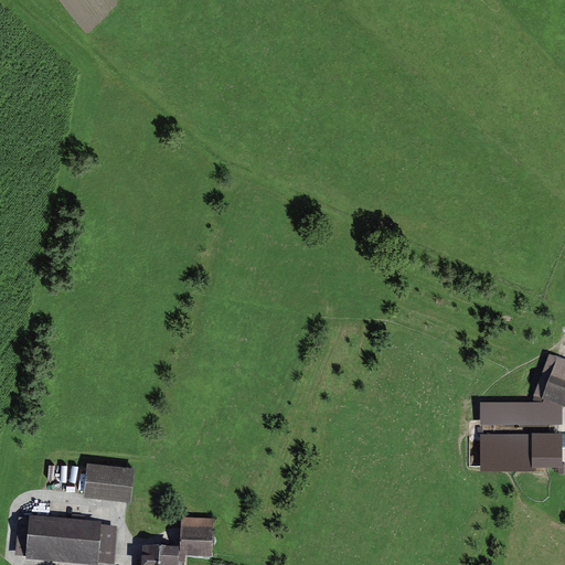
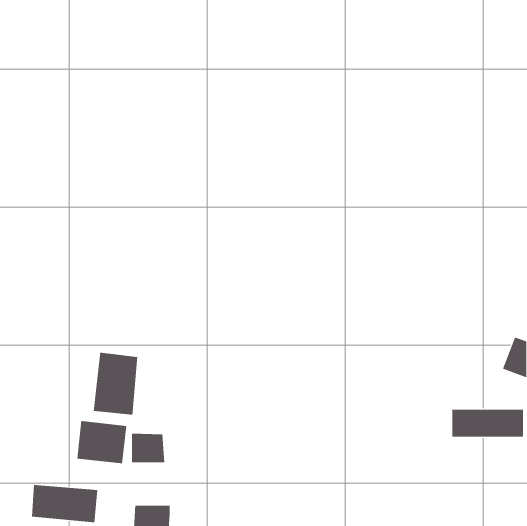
building: none -> [93,352,138,416]
building: [482,408,558,424] -> none
building: [182,520,218,552] -> [131,433,165,463]

